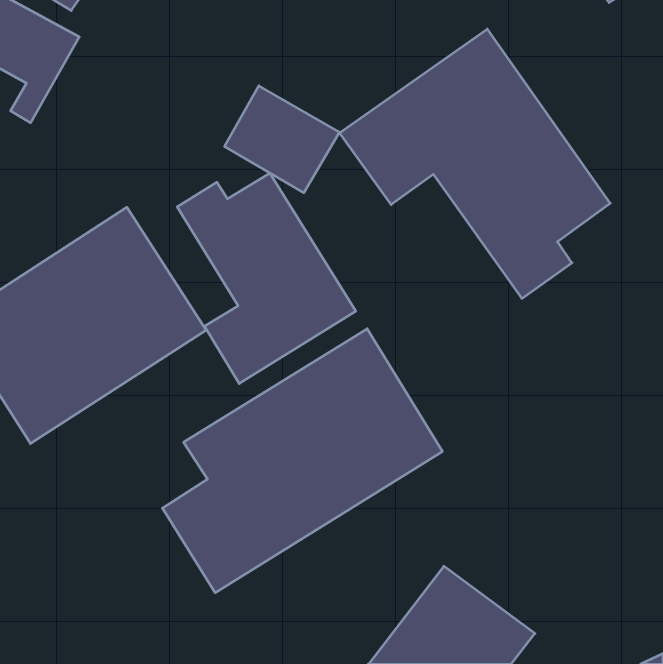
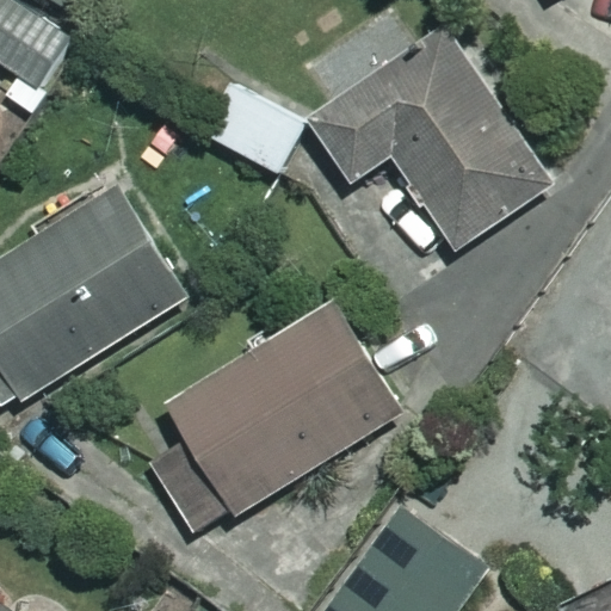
building: [177,173,356,384] -> none

